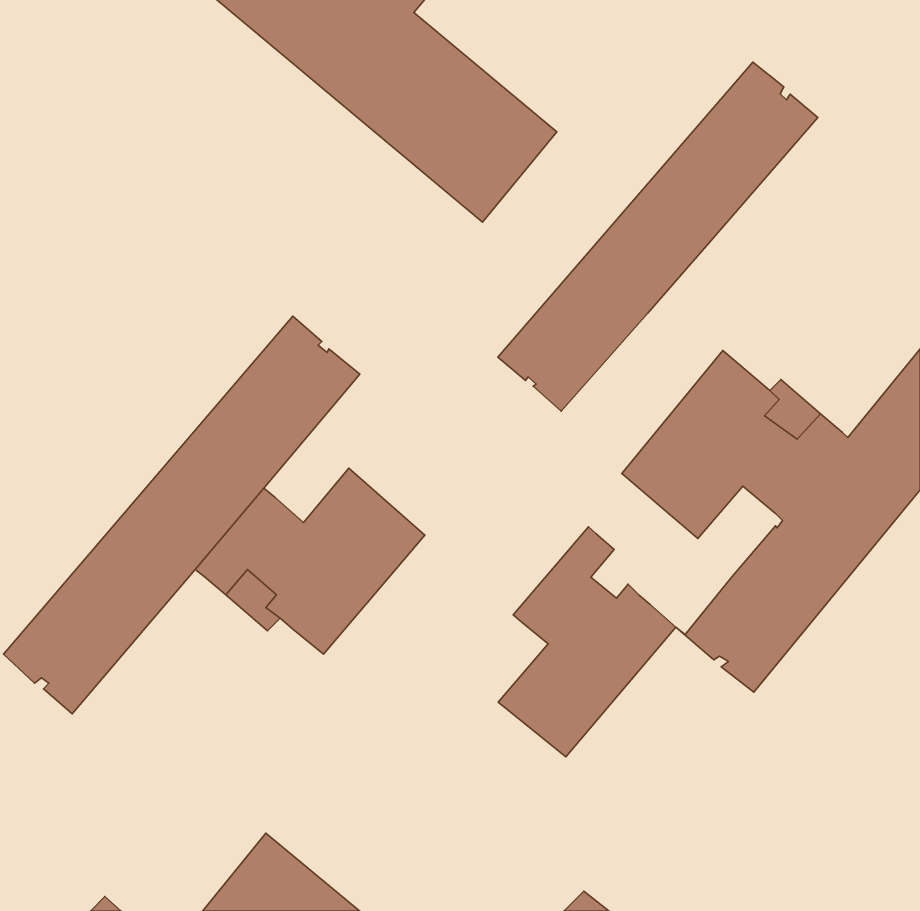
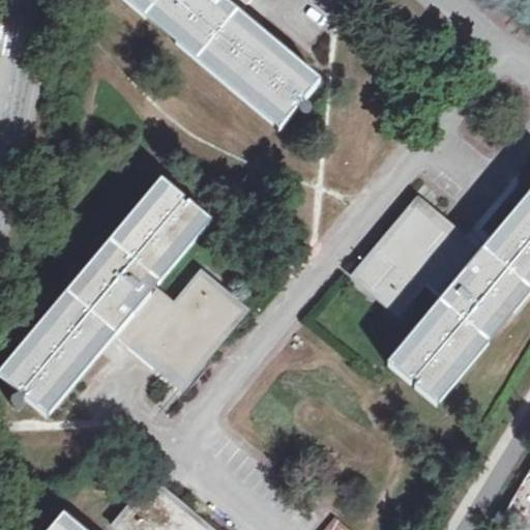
building: [498,62,818,411] -> none
building: [498,527,676,757] -> none

